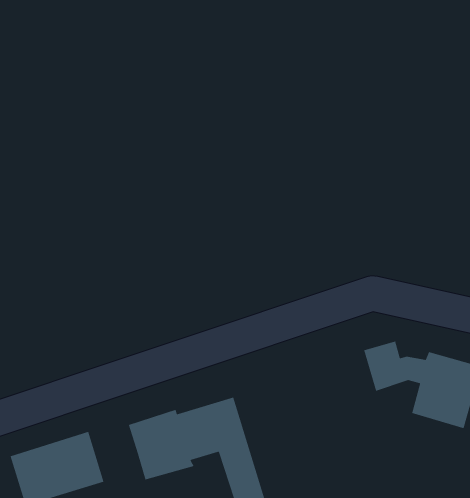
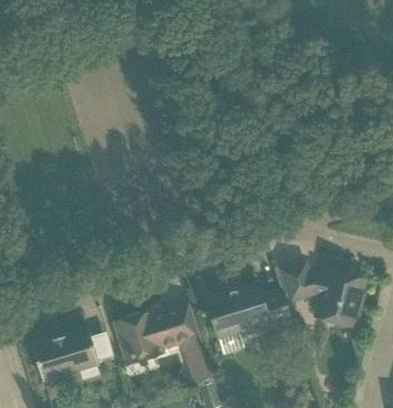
building: none -> [206,283,291,345]

